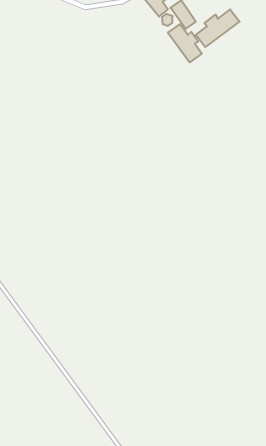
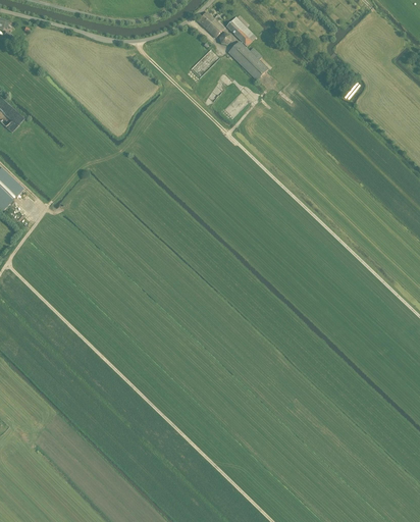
building: [196,9,240,47] -> none

